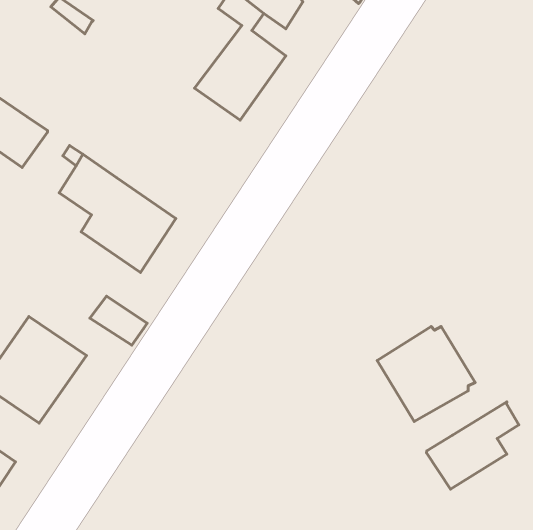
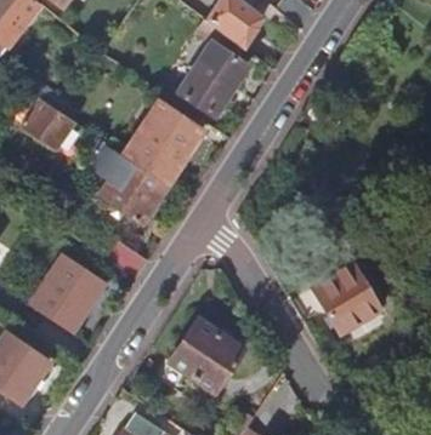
building: none -> [125,102,204,185]
building: none -> [170,316,244,388]
building: [426,402,519,489] -> none

